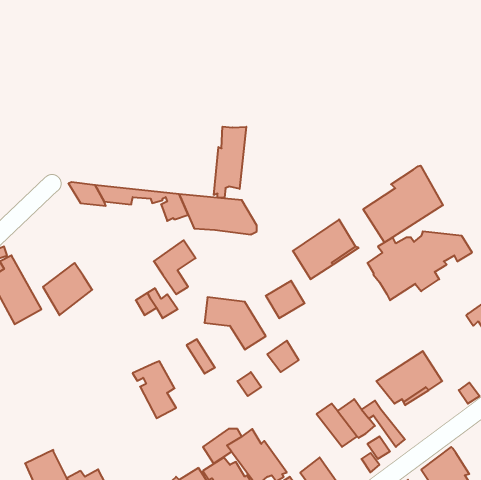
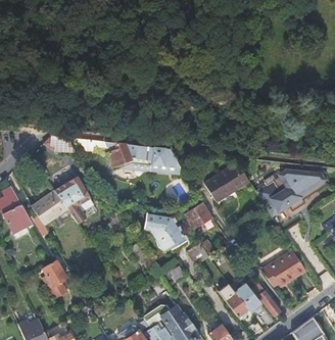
building: [214,127,246,198] -> none
building: [363,166,443,243] -> none
building: [154,240,196,294] -> [60,186,89,223]
building: [133,361,176,418] -> [38,260,67,299]

